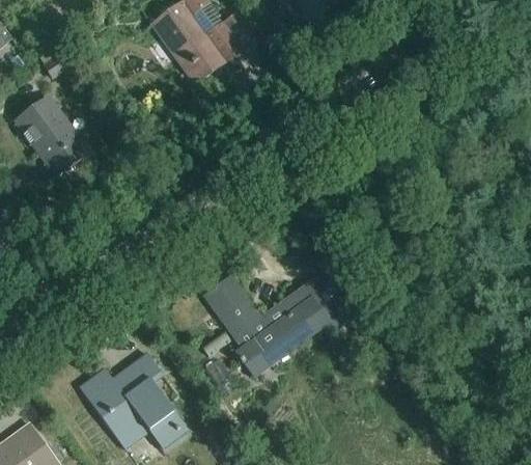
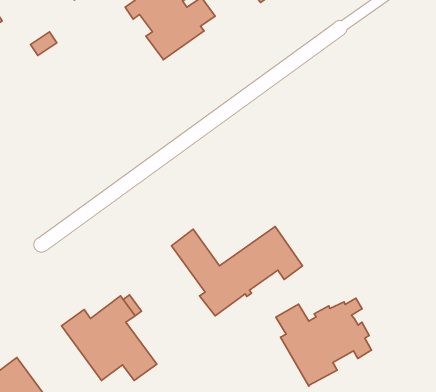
building: [16,98,87,171] -> none
building: none -> [276,298,372,386]

